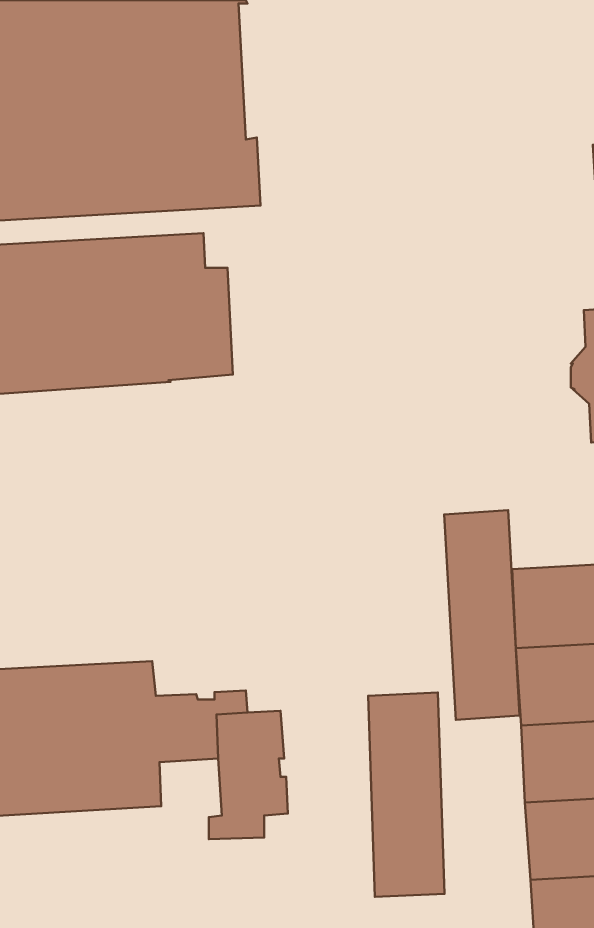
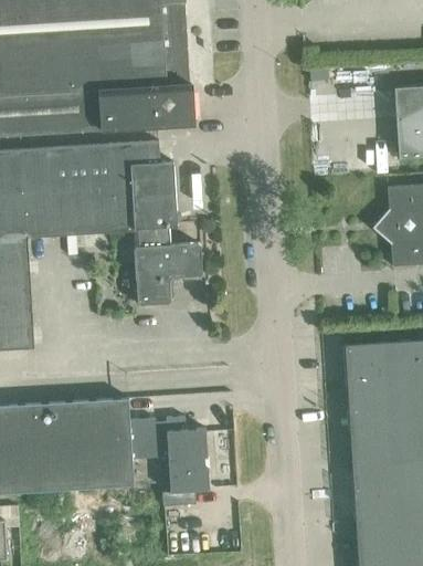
building: none -> [134,242,202,304]
building: [444,510,520,720] -> none
building: [368,693,445,897] -> none

